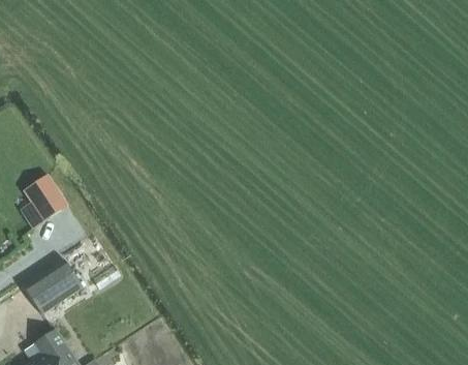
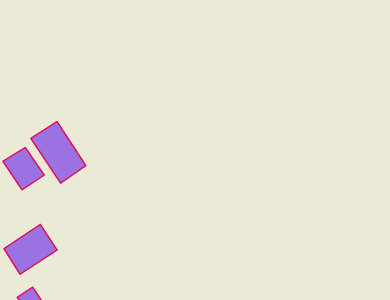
building: none -> [31,122,86,183]

